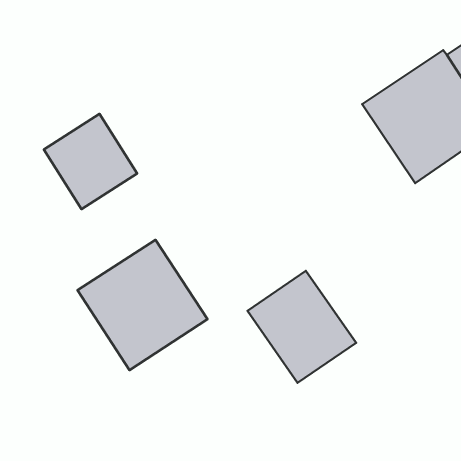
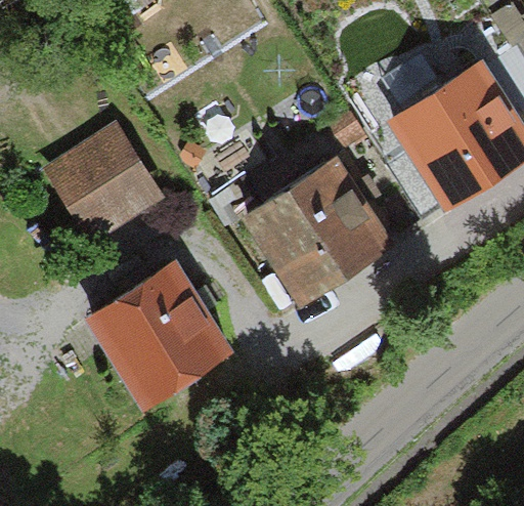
building: none -> [244,153,389,299]
building: [248,271,356,383] -> none

